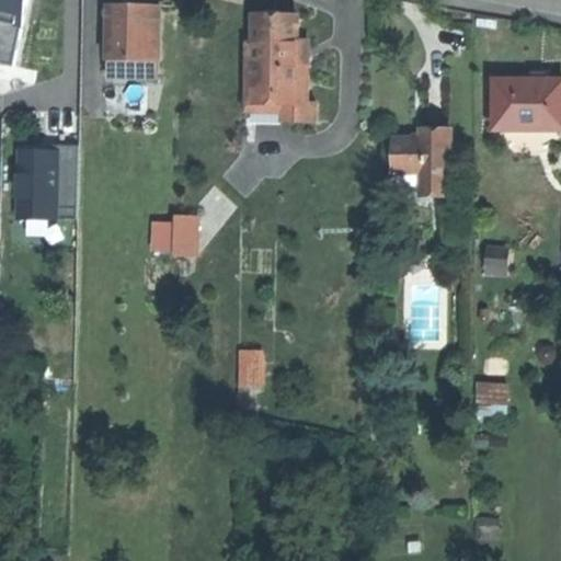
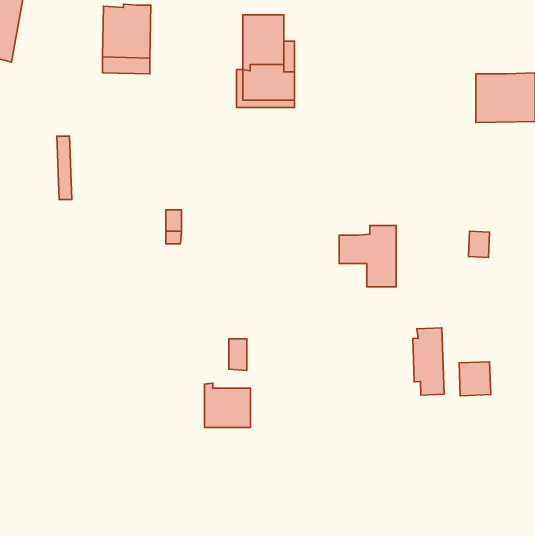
building: [390,129,449,193] -> [339,226,396,287]
building: [18,151,55,217] -> none
building: none -> [413,328,444,395]
building: none -> [204,383,250,428]

